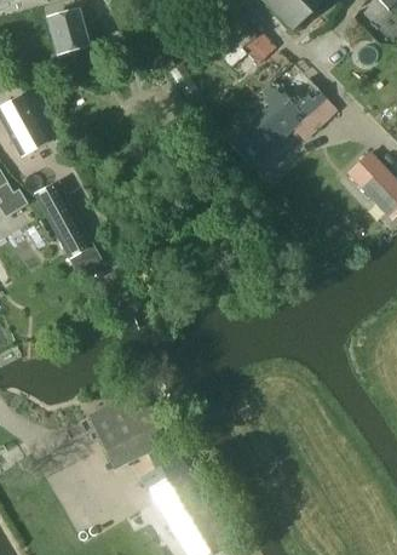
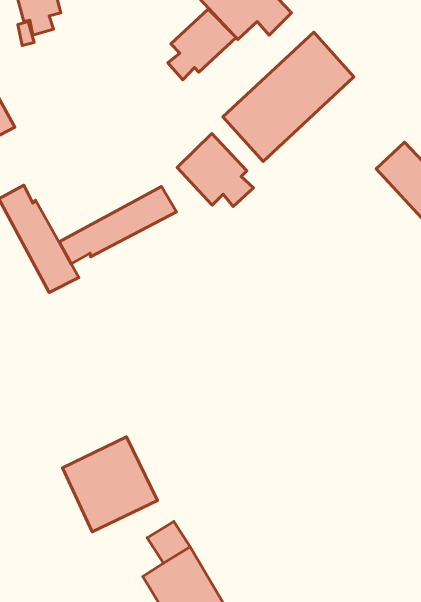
building: none -> [168,9,236,80]
building: none -> [177,134,254,206]
building: none -> [59,187,176,264]

